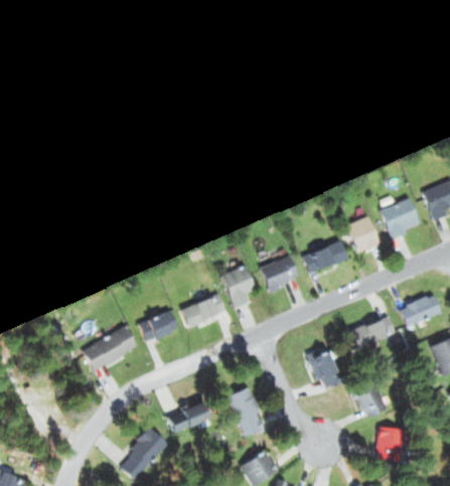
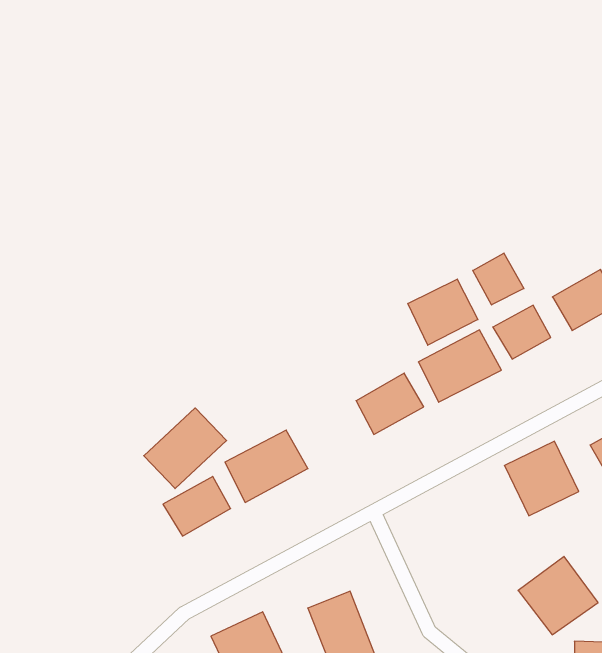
building: none -> [473,253,524,305]
building: none -> [408,279,478,345]
building: [220,268,255,307] -> none
building: [83,325,133,372] -> [144,408,227,489]
building: [304,339,347,389] -> none

